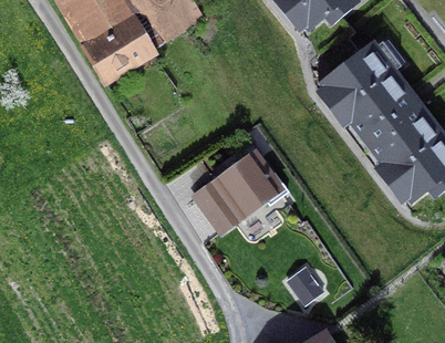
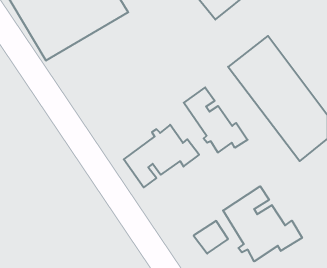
building: none -> [184,87,248,153]
building: none -> [223,186,302,261]

